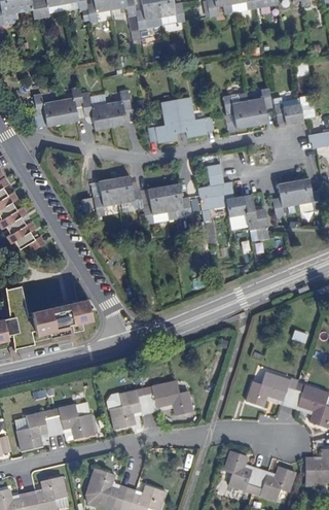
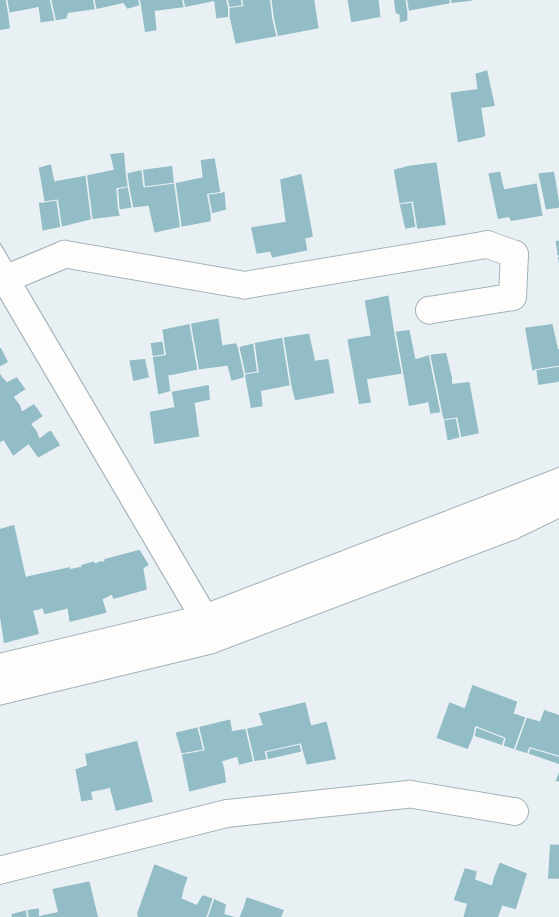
building: [248,87,272,126] -> [449,70,496,143]
building: [175,96,214,137] -> none
building: [273,180,297,217] -> none
building: none -> [149,384,210,445]
building: [19,411,57,450] -> none
building: [224,450,261,490] -> none

